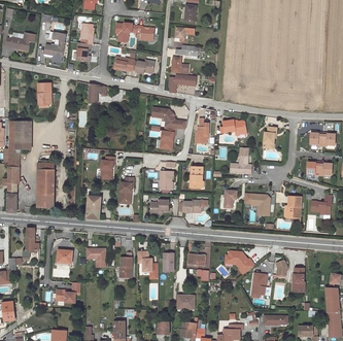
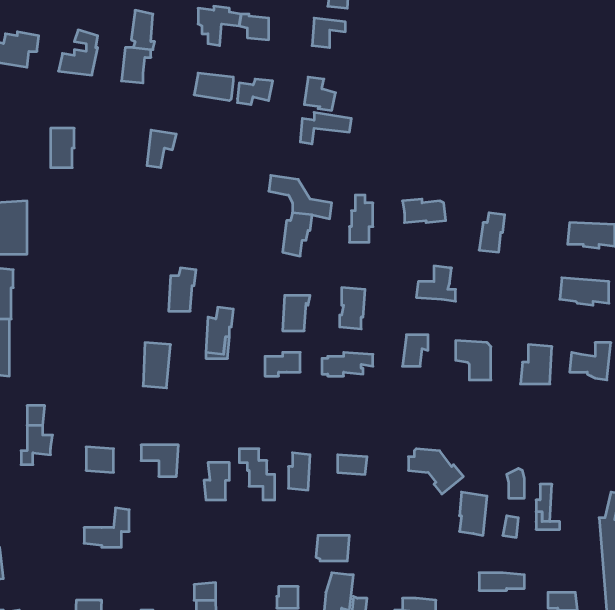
building: [37,164,54,208] -> none

